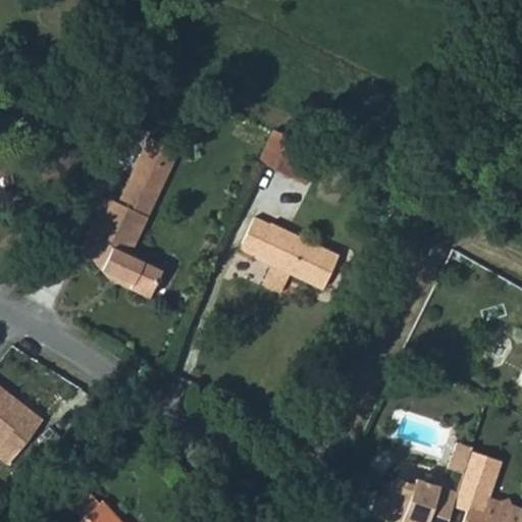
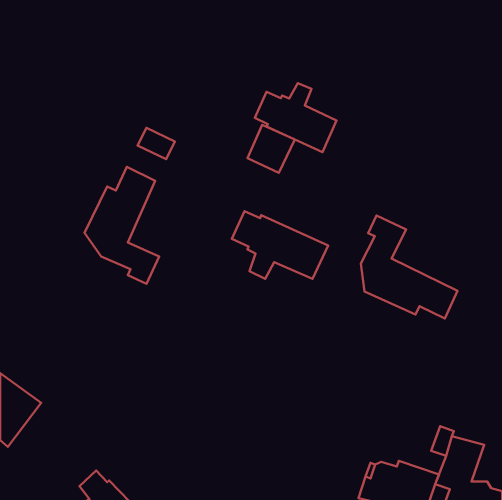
building: none -> [255,83,337,152]
building: [132,153,172,190] -> none
building: none -> [361,215,457,318]

